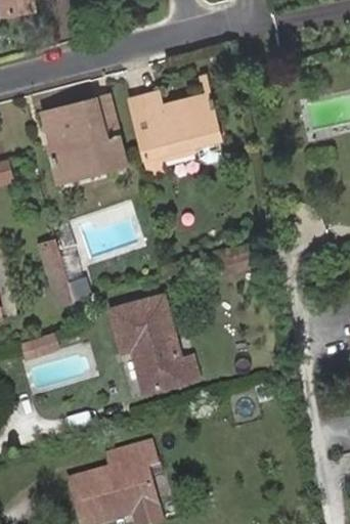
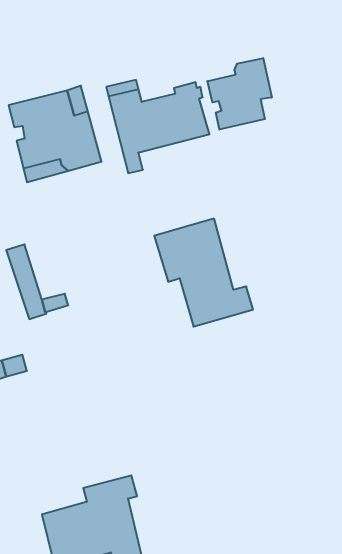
building: none -> [207,58,272,130]
building: [111,295,199,391] -> [154,219,253,327]

